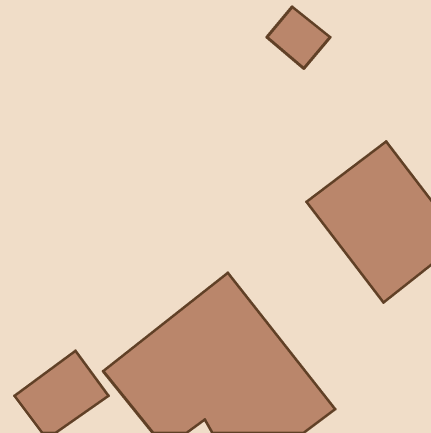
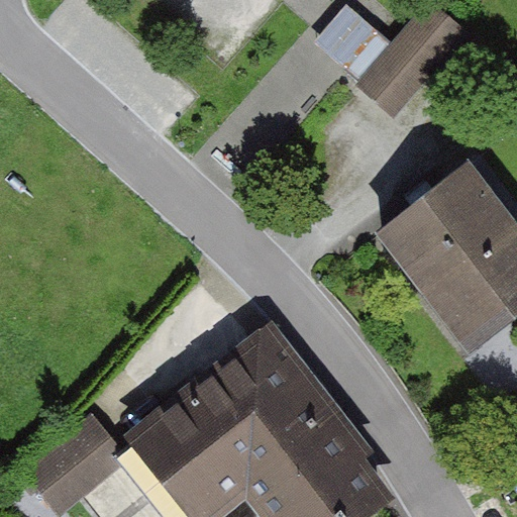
building: none -> [363,6,472,120]

